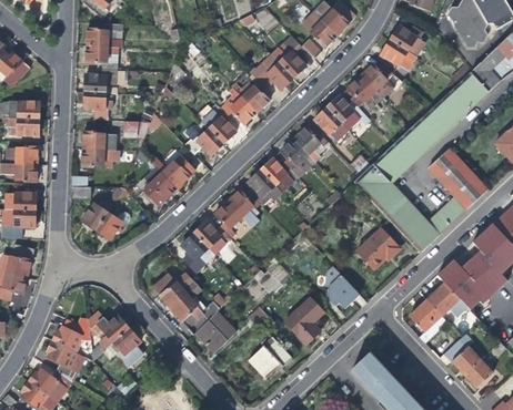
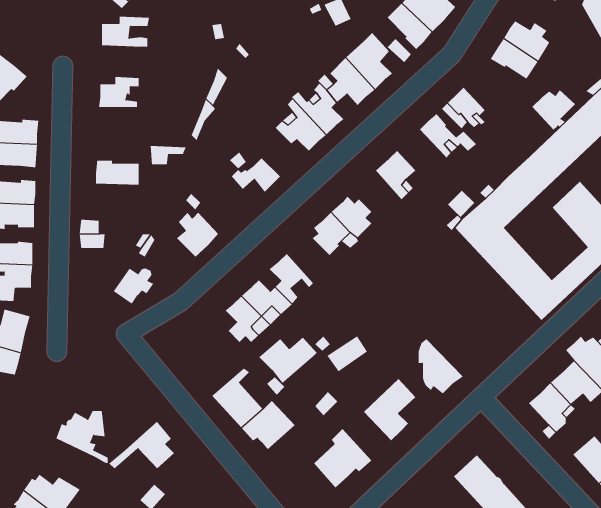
building: [87,44,119,69] -> none
building: [361,62,394,93] -> [532,89,576,131]
building: [86,91,118,119] -> none
building: [208,105,237,143] -> none
building: [314,107,346,136] -> none
building: [278,139,315,176] -> none
building: [83,148,121,166] -> none
building: [161,154,195,186] -> none
building: [228,189,260,223] -> none
building: [82,198,113,229] -> none
building: [355,226,400,269] -> none
building: [153,273,198,308] -> [258,337,317,384]
building: [90,315,130,359] -> none
building: [48,340,83,378] -> none

